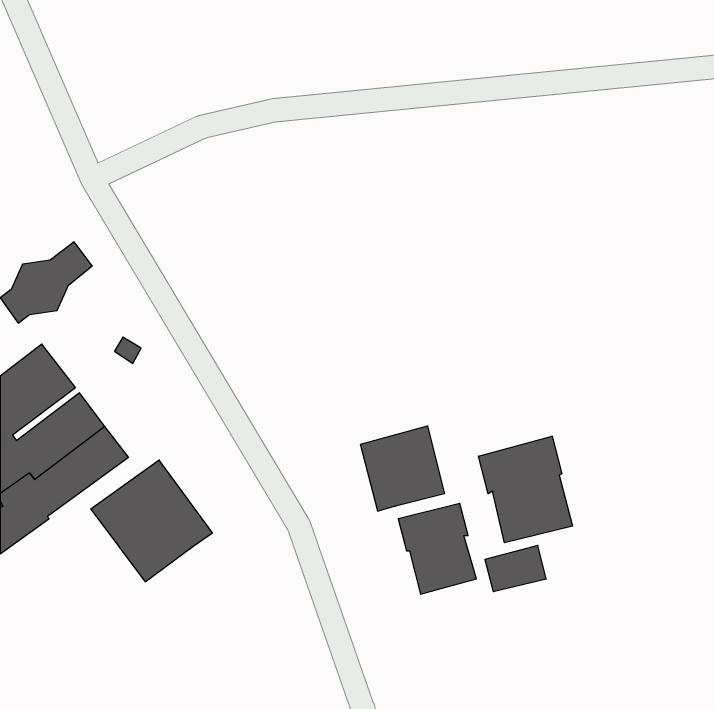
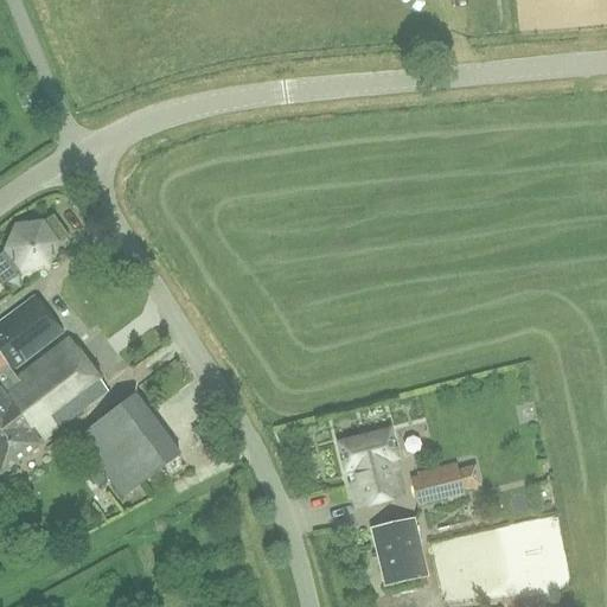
building: [360,426,444,511] -> none
building: [478,436,572,543] -> none
building: none -> [371,515,426,582]

